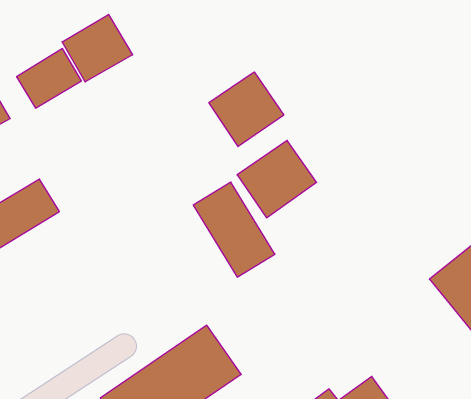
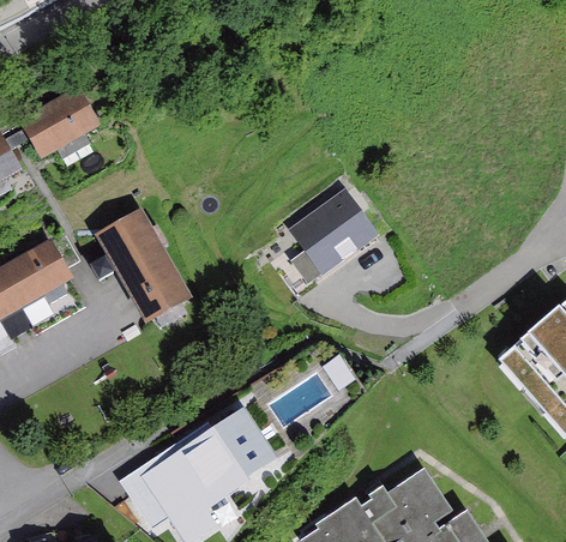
building: [62,14,133,82] -> none
building: [209,72,284,147] -> none
building: [193,182,275,277] -> [96,210,189,319]

